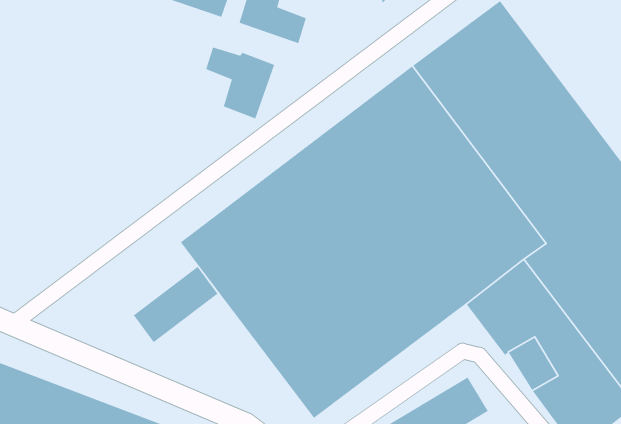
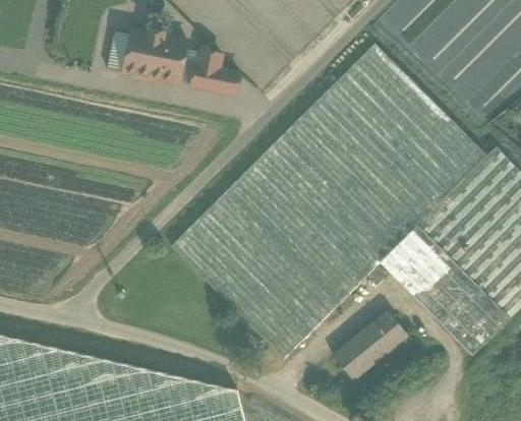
building: [205,47,275,120] -> none
building: [133,266,218,343] -> none

